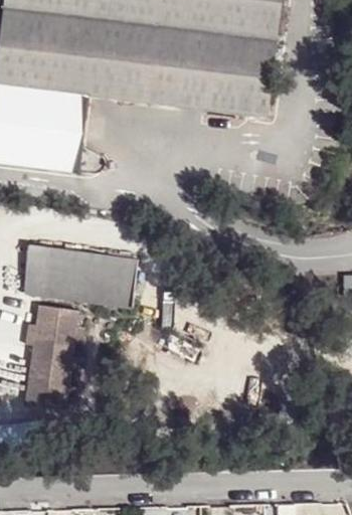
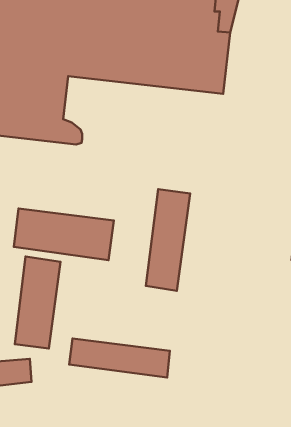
building: none -> [146,189,190,291]
building: none -> [69,339,170,377]

